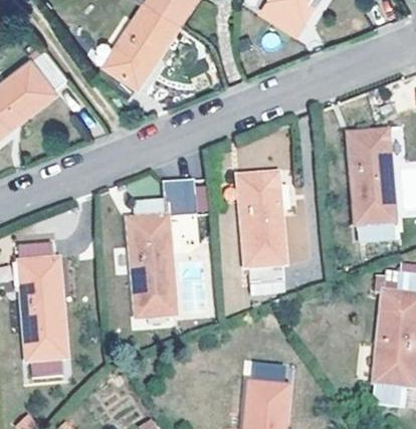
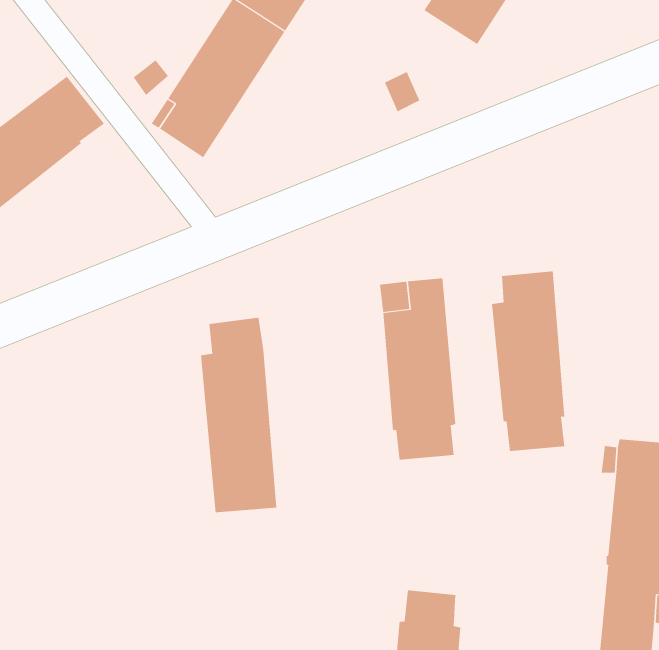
building: [349,131,394,241] -> [491,271,565,452]
building: [163,179,196,217] -> none
building: [18,242,65,377] -> none

